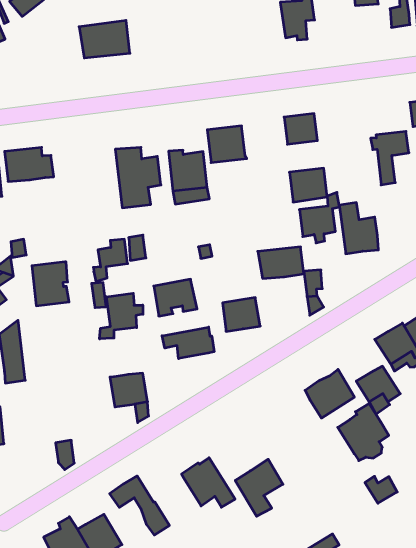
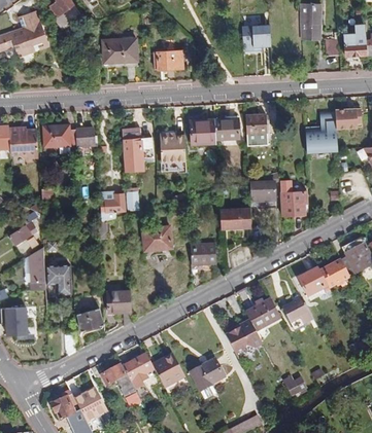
building: none -> [154,49,183,70]
building: none -> [75,128,95,153]
building: [289,168,327,202] -> [213,117,239,140]
building: [32,262,69,306] -> [45,264,70,294]
building: [100,293,143,339] -> none
building: [162,327,214,359] -> none
building: none -> [76,308,103,331]
building: [338,404,389,461] -> [225,318,261,358]
building: none -> [123,353,155,381]

